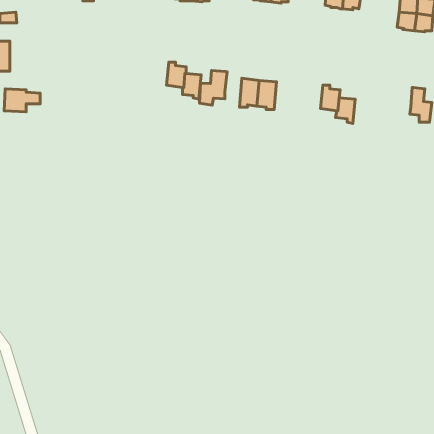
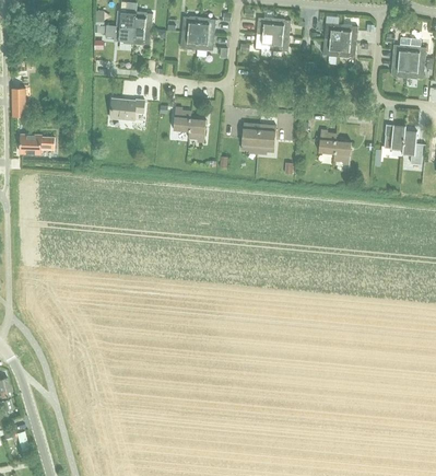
building: none -> [110,96,144,119]
building: [199,71,227,105] -> none
building: none -> [385,124,405,149]

